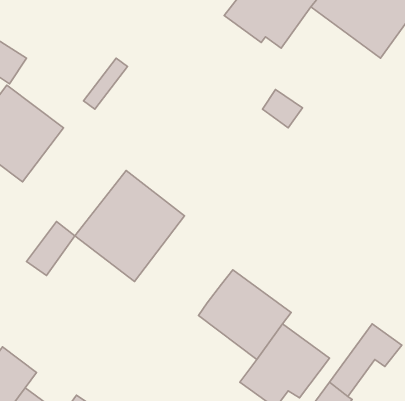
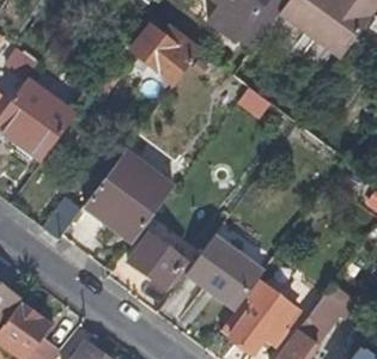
building: none -> [132,28,201,84]
building: none -> [130,232,194,290]

